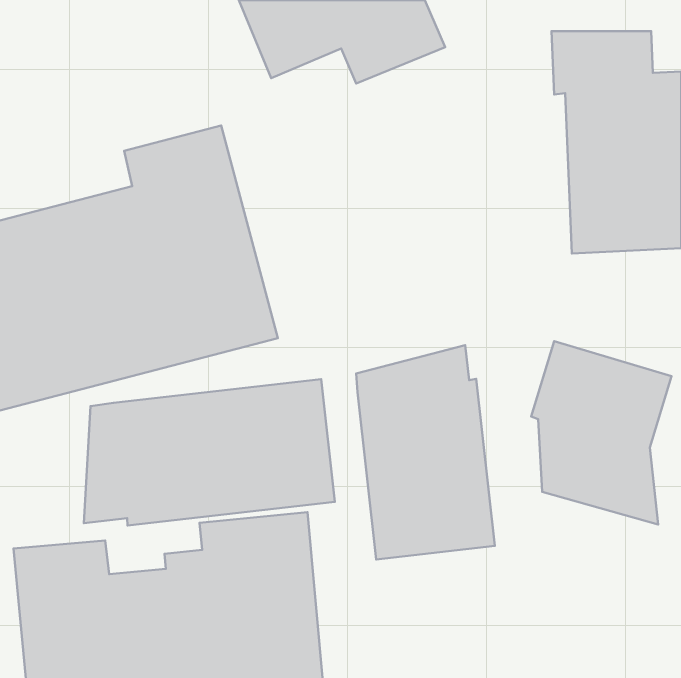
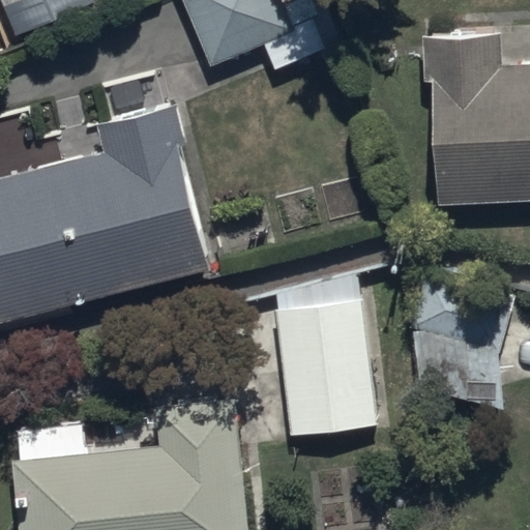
building: [84,379,335,525] -> none

